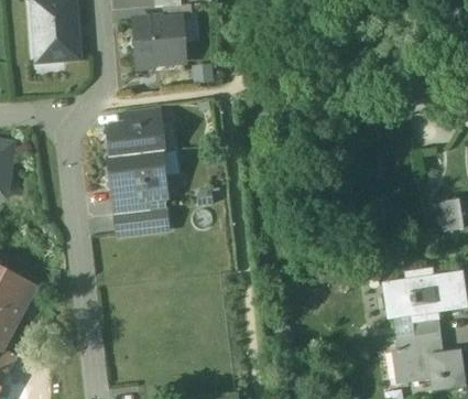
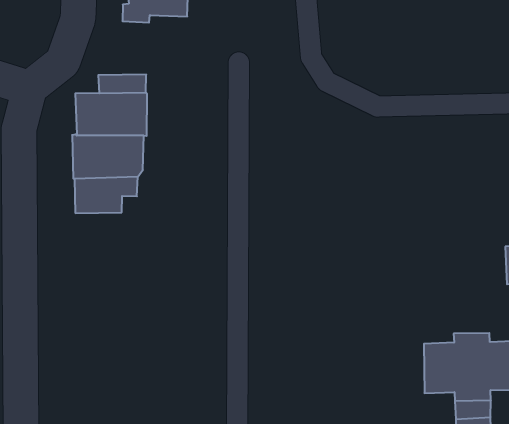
building: [117,211,153,233] -> none

